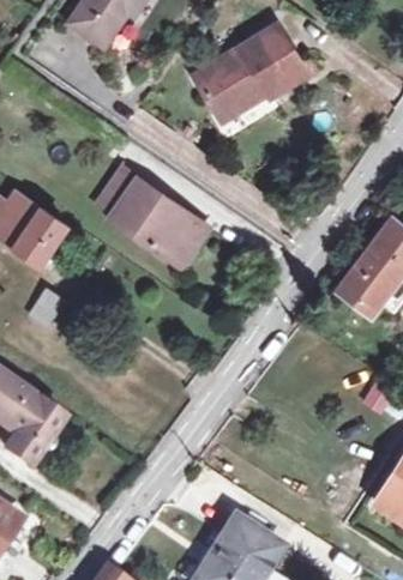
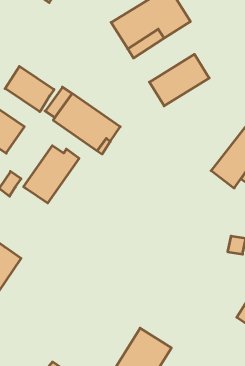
building: none -> [149,54,209,106]
building: none -> [5,66,54,112]
building: none -> [24,146,79,203]

